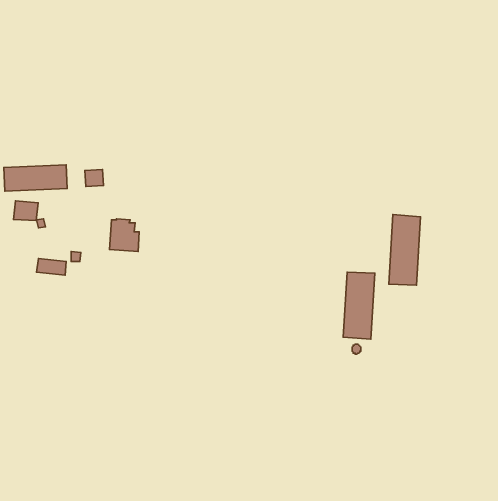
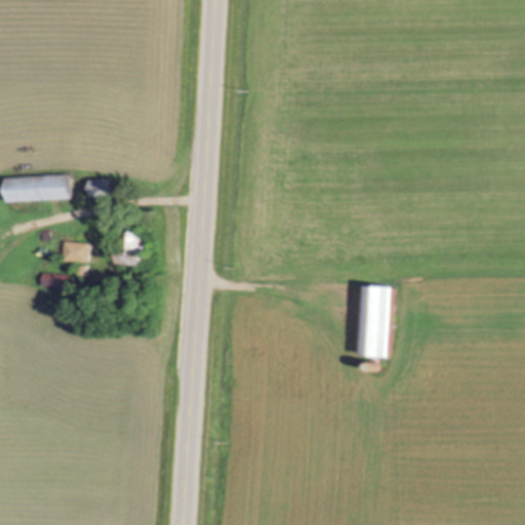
building: [13,201,38,220] -> [60,241,86,261]
building: [389,215,421,285] -> none

